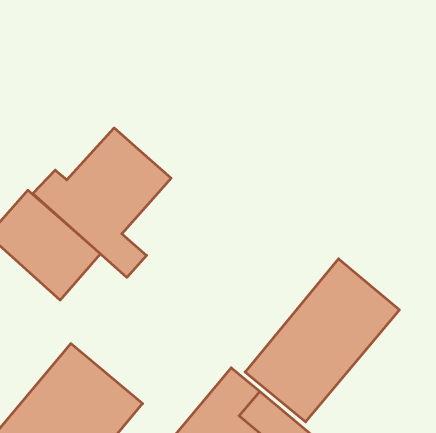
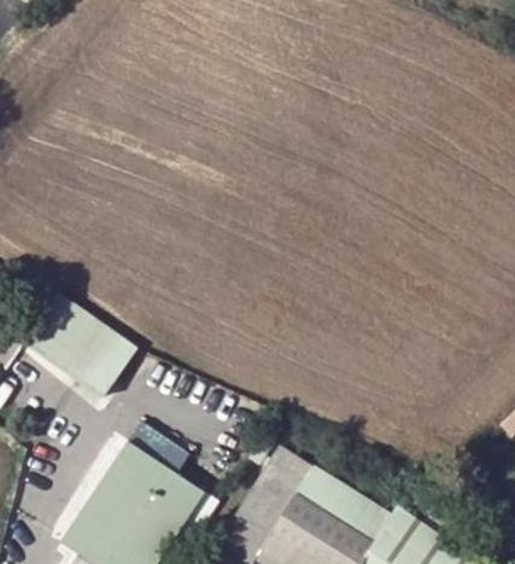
building: [33,128,171,277] -> none
building: [245,259,399,422] -> none

